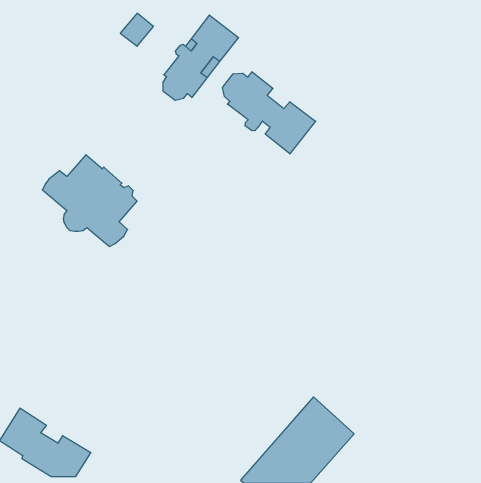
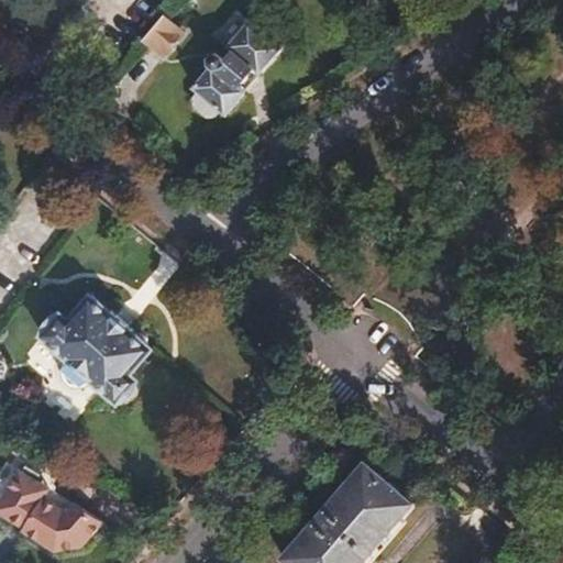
building: [222,72,316,154] -> none
building: [42,155,137,246] -> [34,291,144,398]

